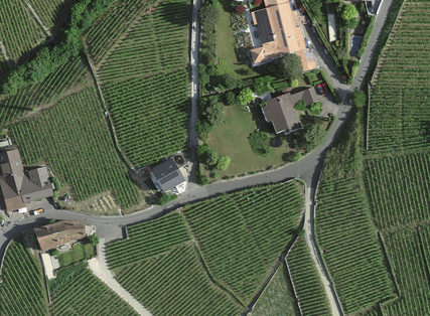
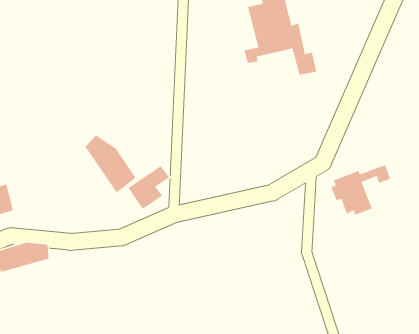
building: [263,89,316,134] -> [330,164,391,216]
building: none -> [84,135,136,193]

